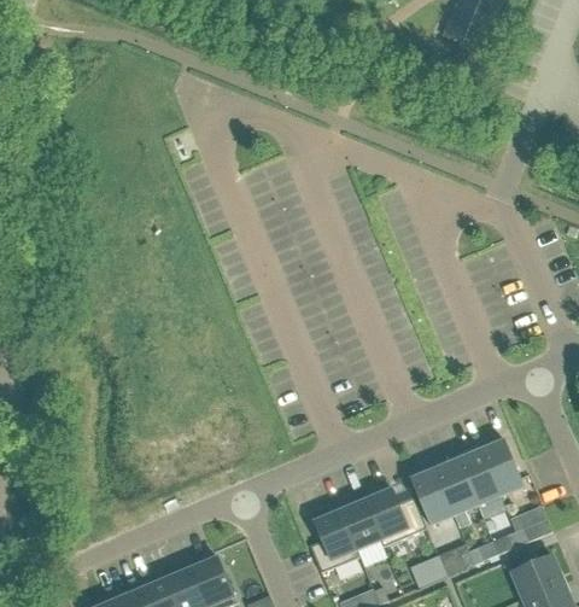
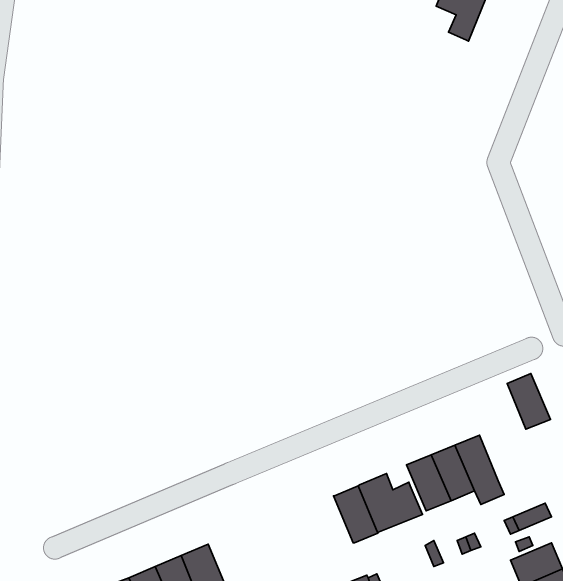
building: [480,440,522,495] -> [507,374,550,429]
building: [308,509,357,571] -> none

